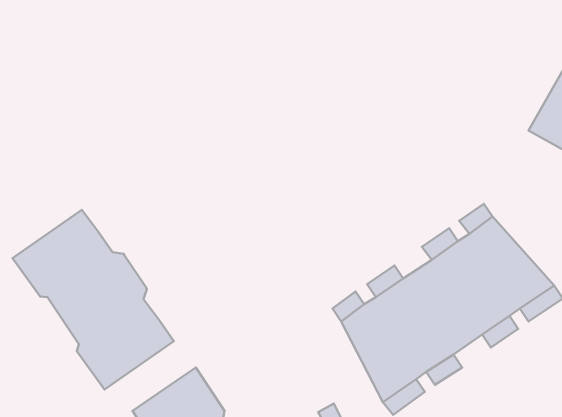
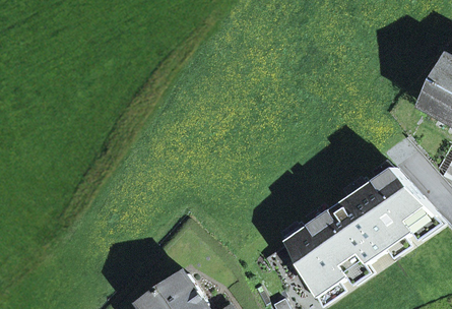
building: [13,210,174,390] -> none

